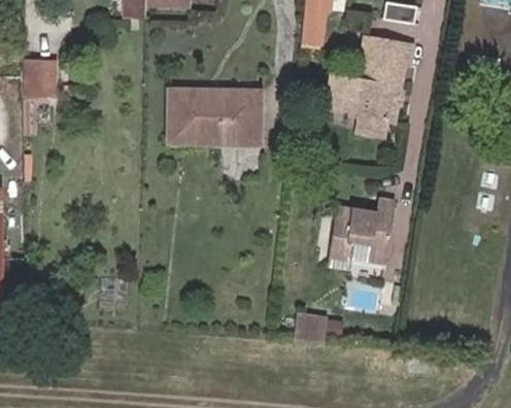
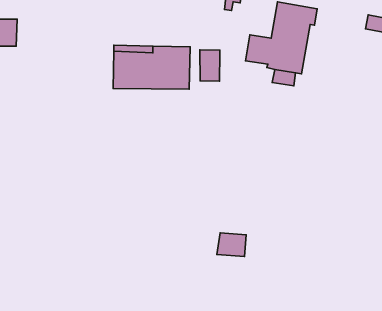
building: none -> [200,50,220,81]
building: [329,199,396,268] -> none

